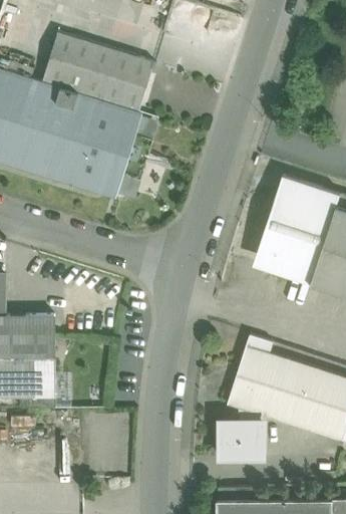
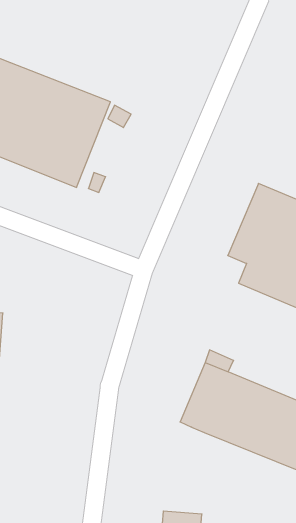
building: [42,34,153,112] -> none
building: [218,410,264,457] -> none

